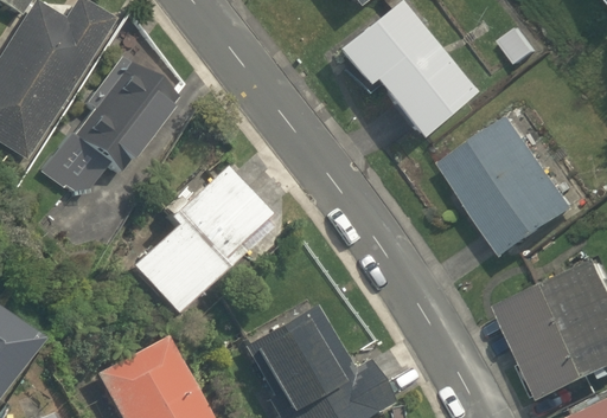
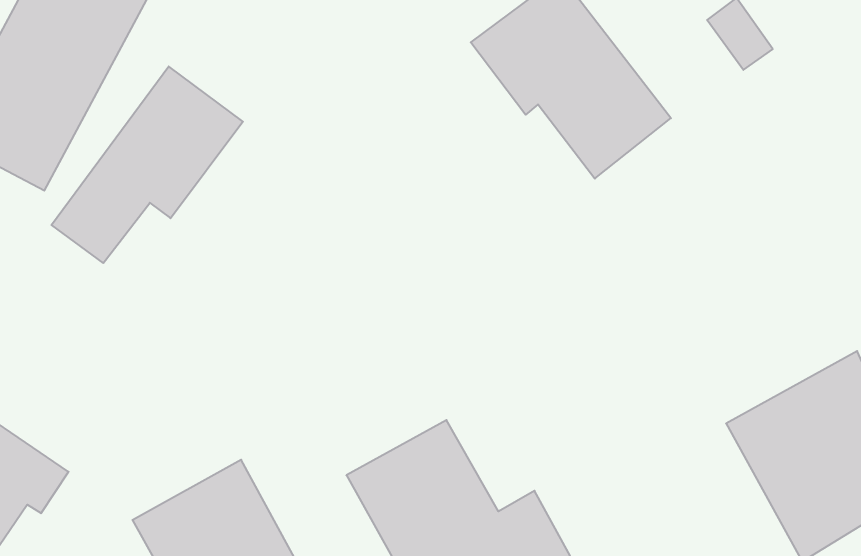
building: [442,112,583,259] -> none
building: [134,160,277,315] -> none

